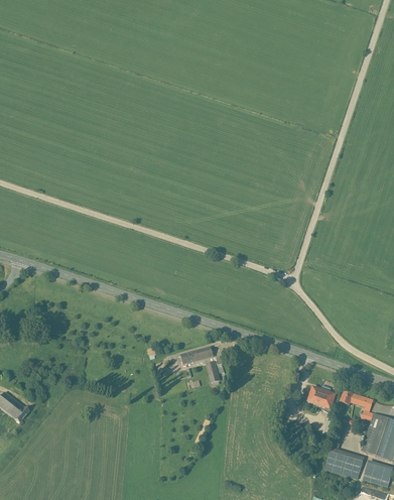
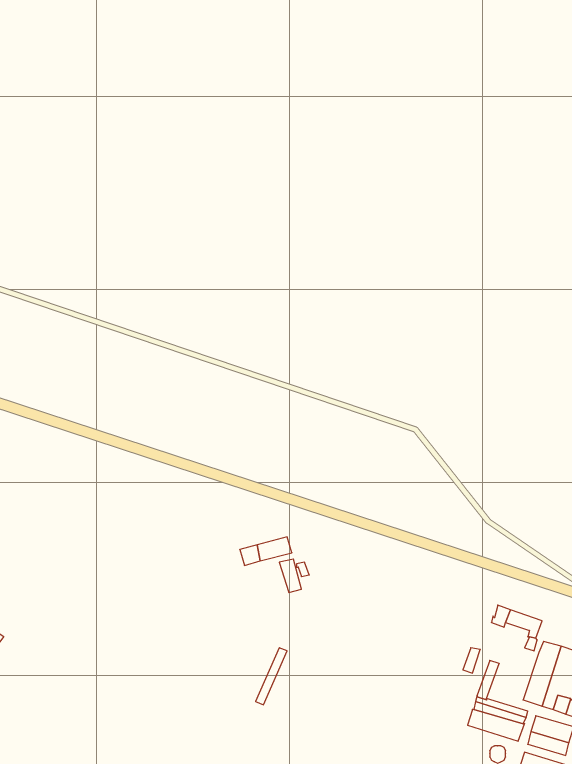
building: [308,387,336,409] -> none

